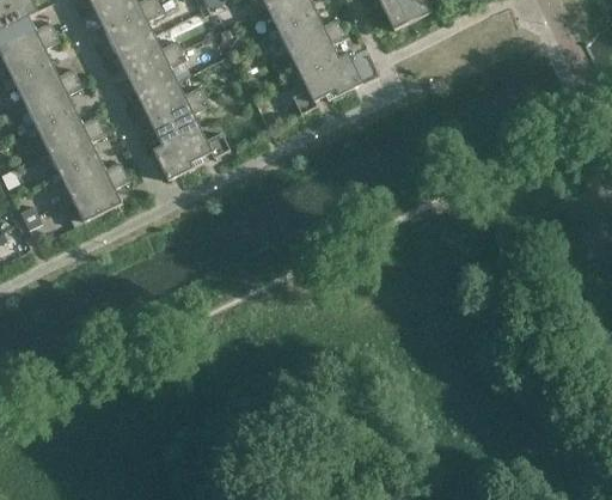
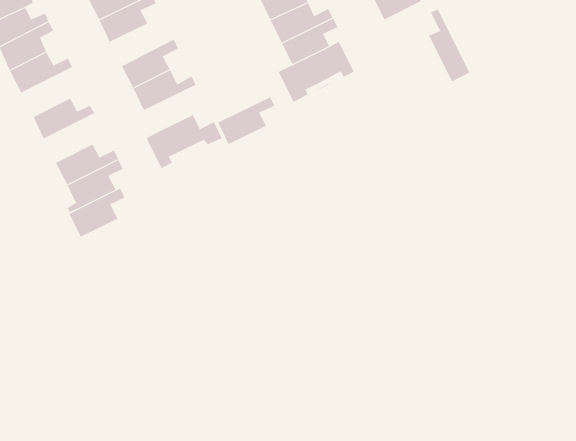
building: none -> [428,8,470,82]
building: [114,33,179,77] -> none
building: [24,78,81,128] -> none
building: [148,96,207,145] -> [217,96,275,145]
building: [47,124,104,175] -> [69,188,125,238]

